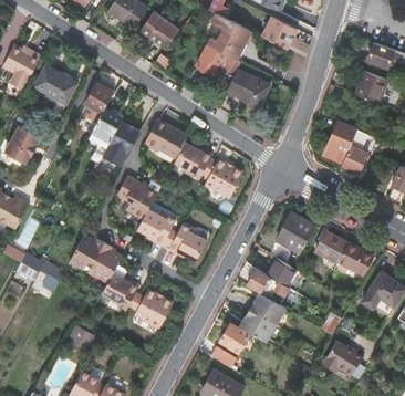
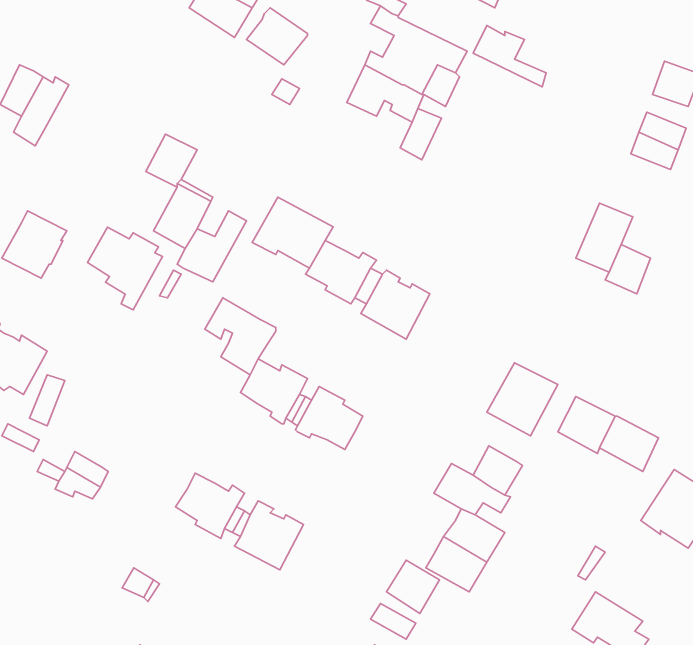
building: [34,67,76,114] -> [88,227,163,310]
building: [239,75,269,107] -> none
building: [70,235,122,283] -> none

